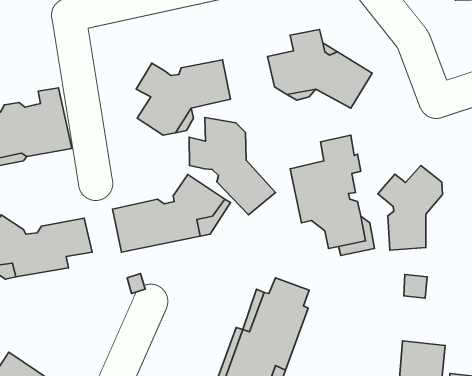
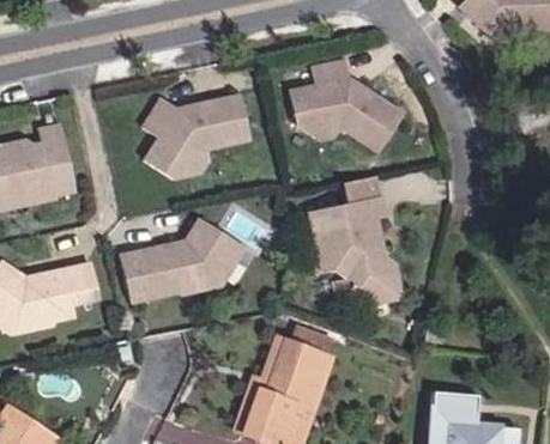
building: [189,117,276,215] -> none
building: [378,165,443,250] -> none

